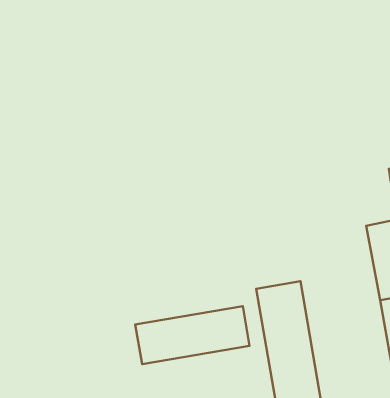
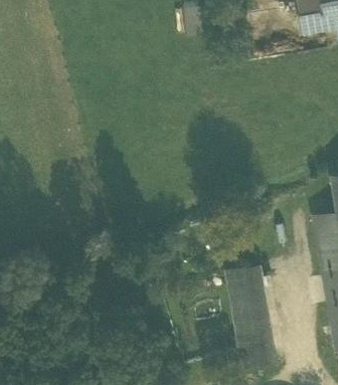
building: [135,306,250,364] -> none

